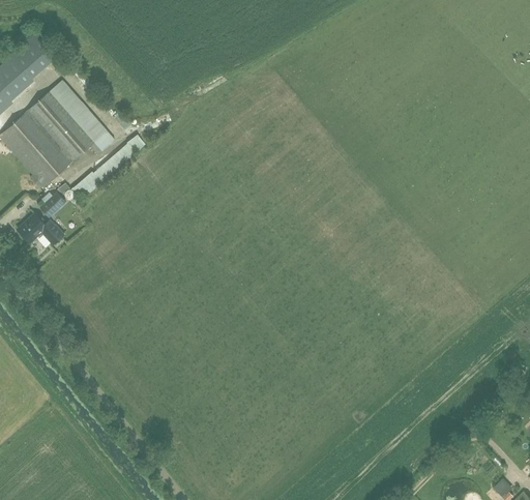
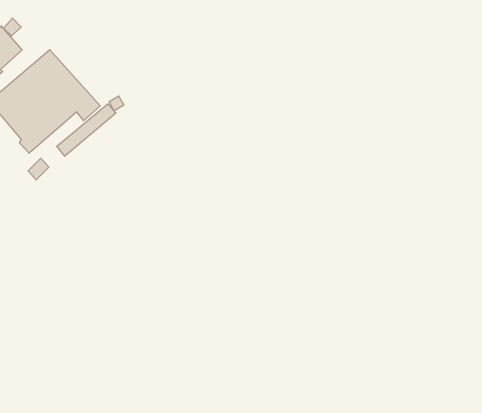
building: [24,52,52,81] -> none
building: [18,213,62,243] -> none

